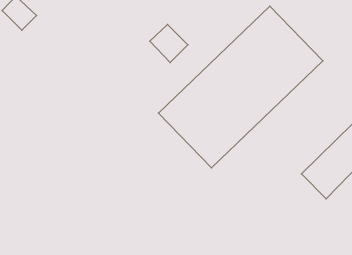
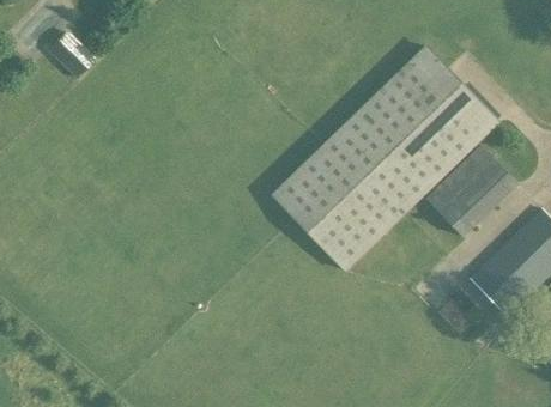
building: [150,25,188,63] -> none
building: none -> [424,144,517,238]

